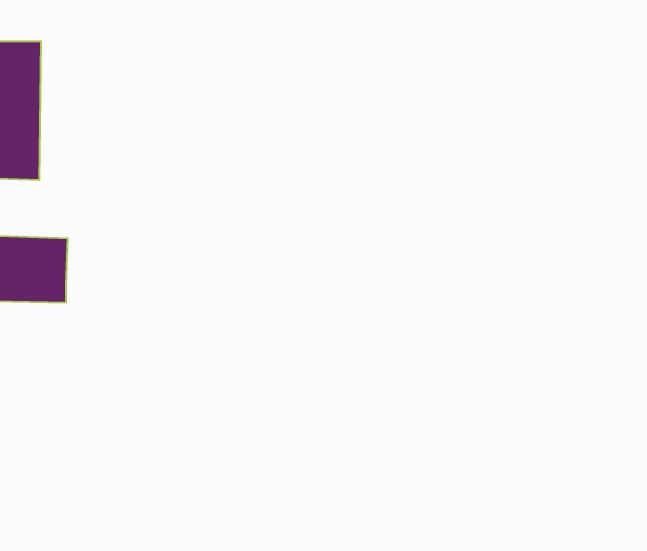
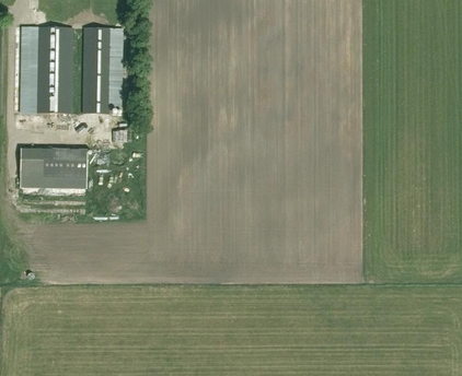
building: none -> [83,27,111,113]

